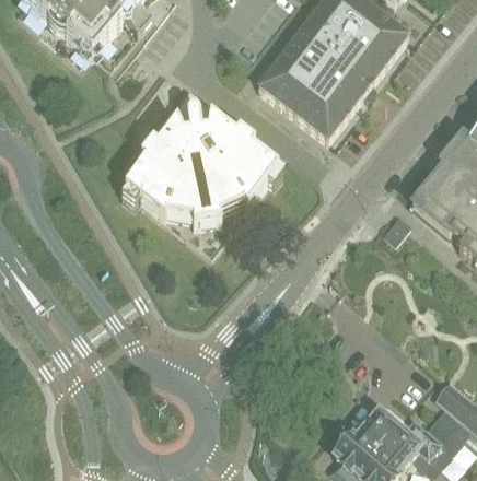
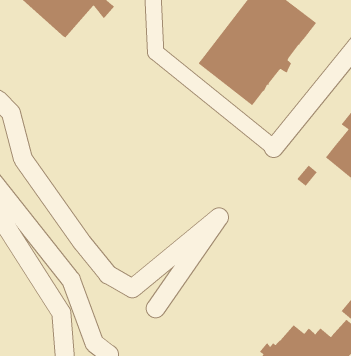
building: [125,97,277,250] -> none

